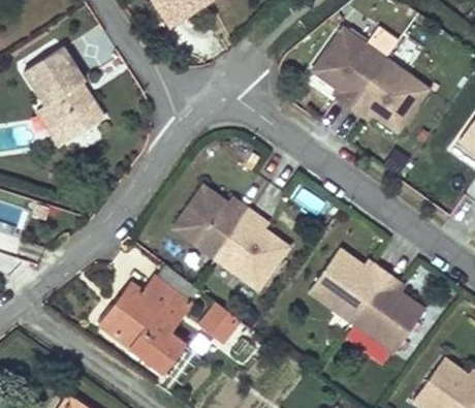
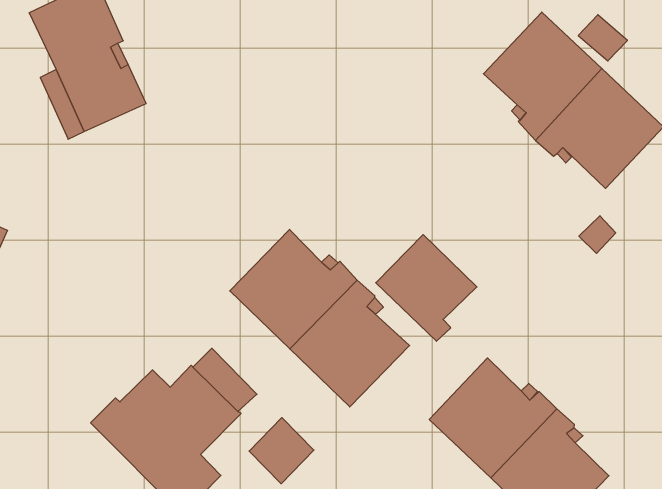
building: none -> [376,235,477,341]

